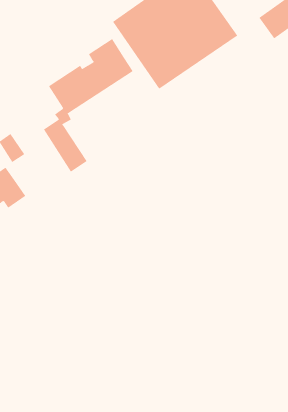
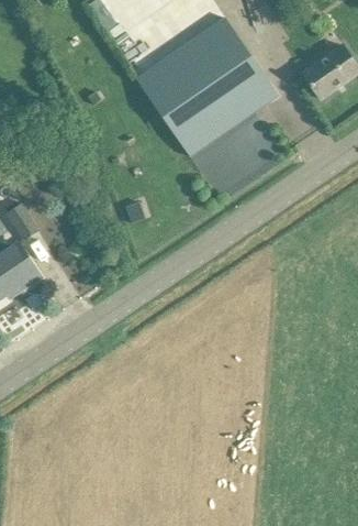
building: [43,38,134,172] -> none

